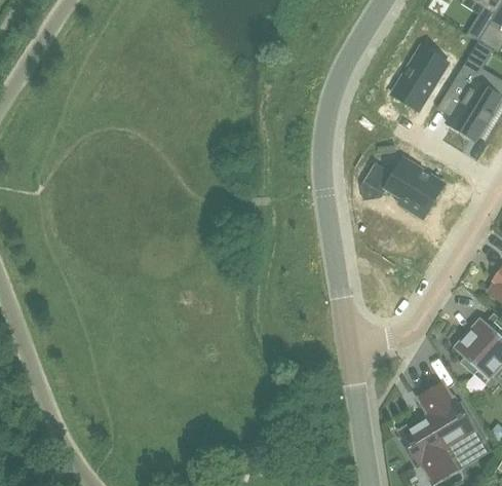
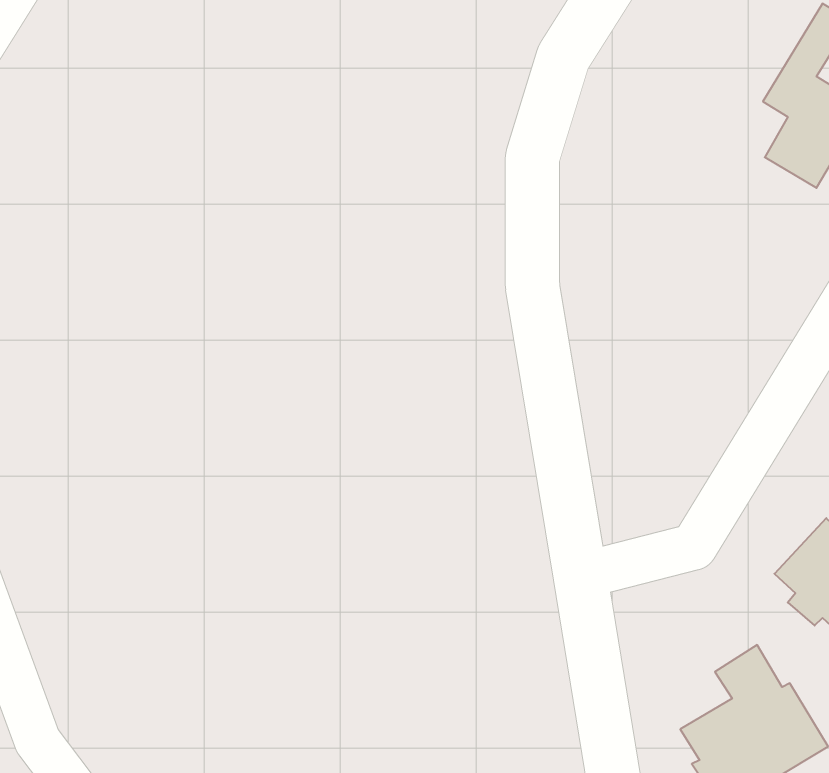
building: [392,52,445,110] -> none
building: [363,158,443,214] -> none

